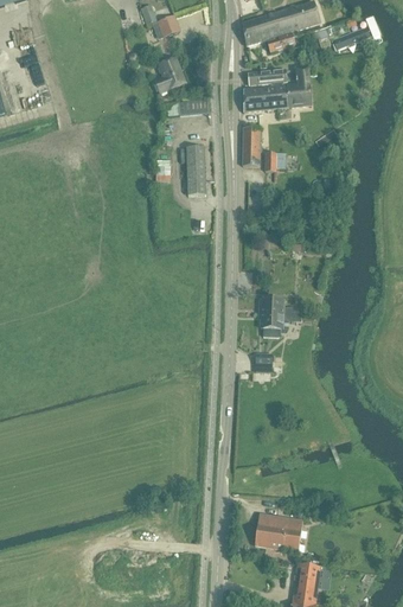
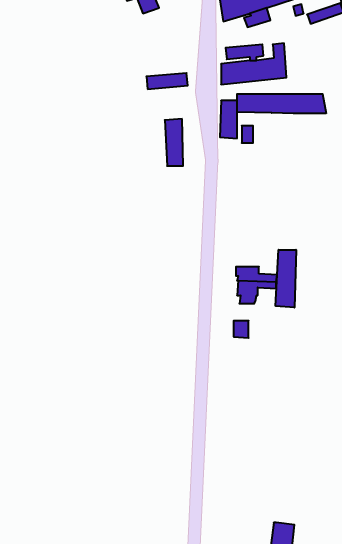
building: [156,57,185,91] -> none
building: none -> [237,94,326,113]
building: none -> [276,250,296,308]
building: [255,513,303,551] -> none

